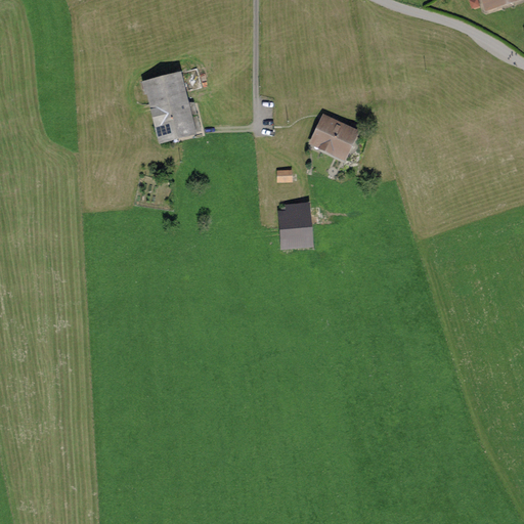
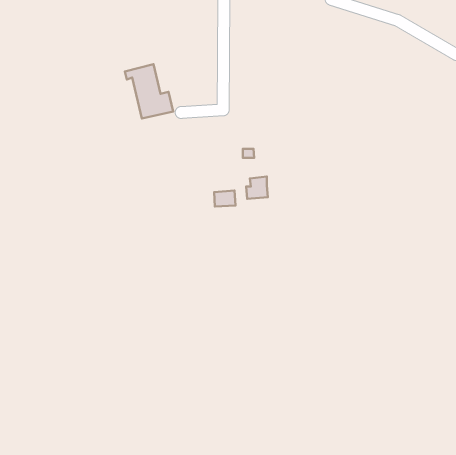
building: [313,119,354,158] -> none
building: [283,226,308,245] -> [214,190,236,206]

